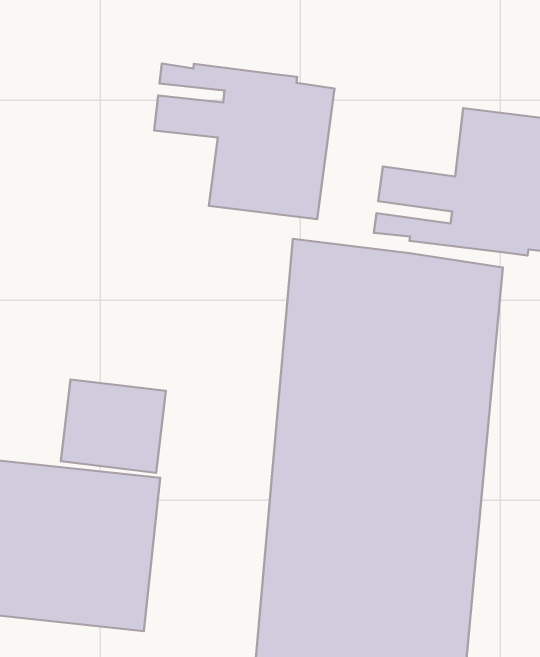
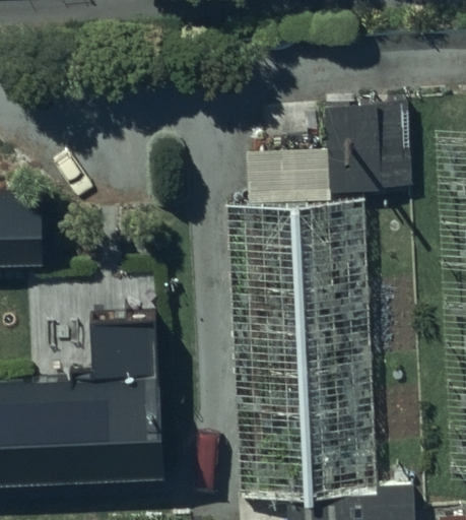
building: [154,64,335,219] -> none

